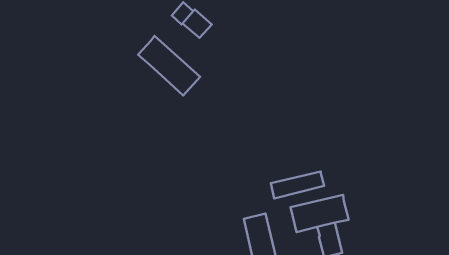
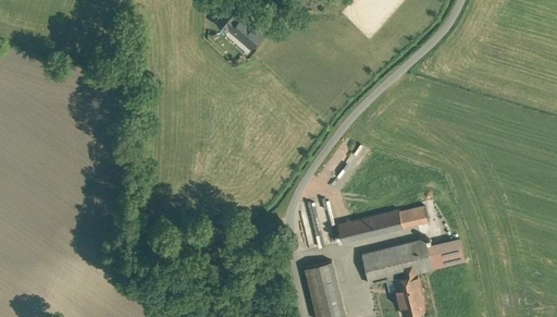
building: [138,36,200,95] -> none
building: none -> [398,207,428,229]
building: none -> [426,240,463,269]

